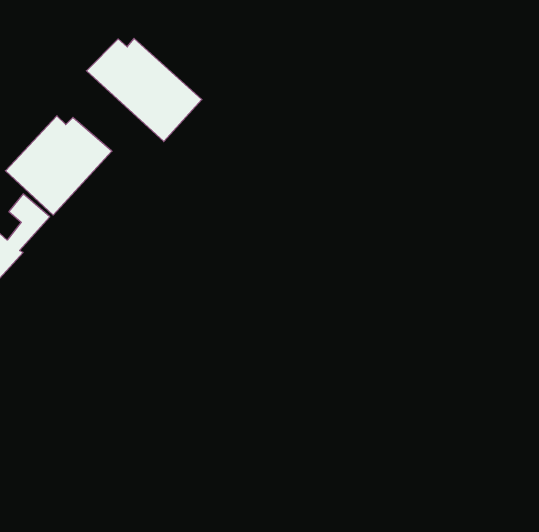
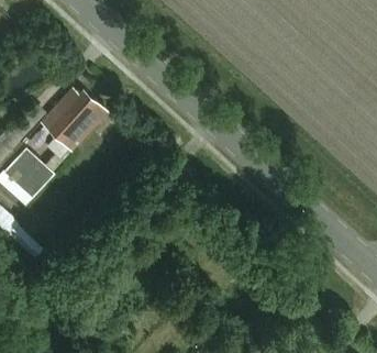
building: [86,38,202,142] -> none

